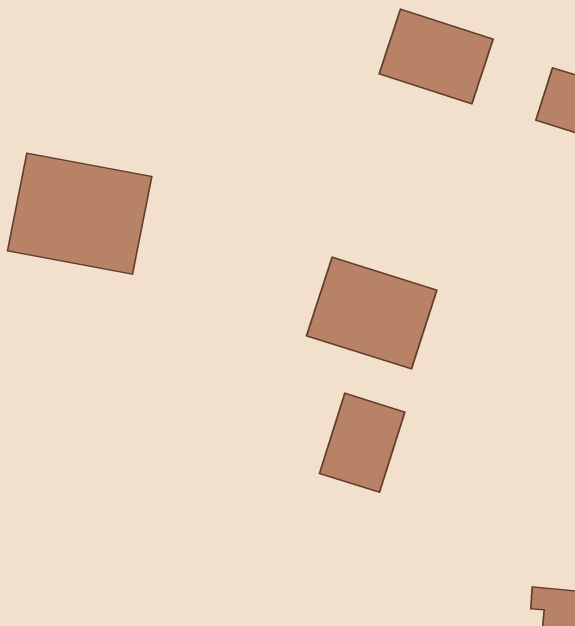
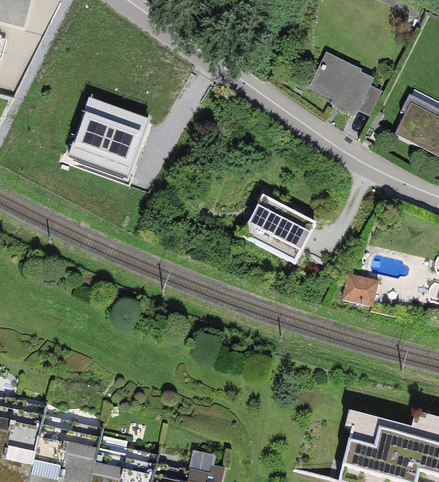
building: none -> [344,272,382,306]
building: [319,393,405,492] -> none

